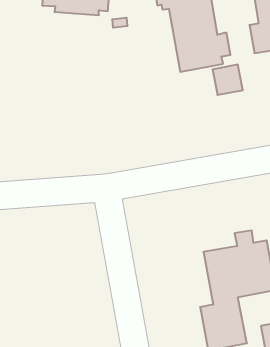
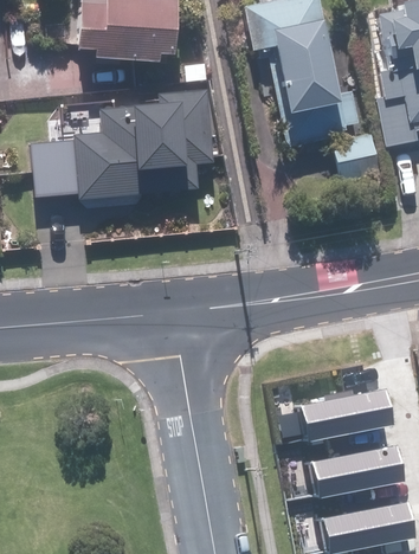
building: none -> [31,90,214,198]

